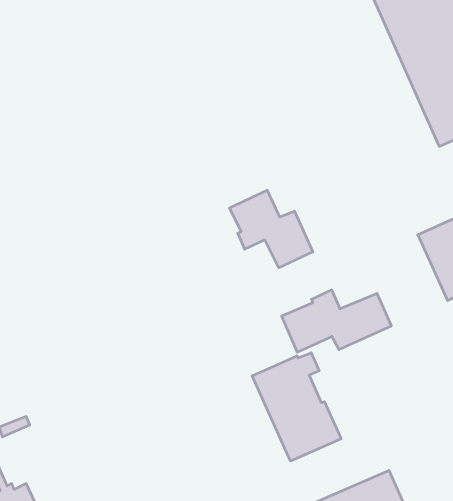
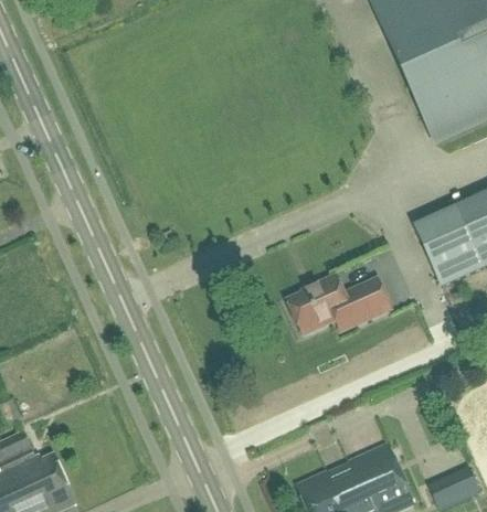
building: [230,190,313,268] -> none
building: [252,353,341,461] -> none

